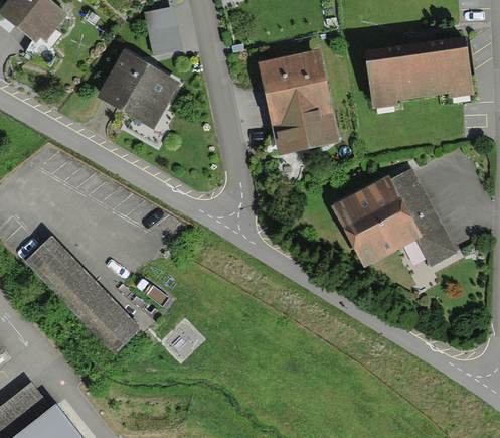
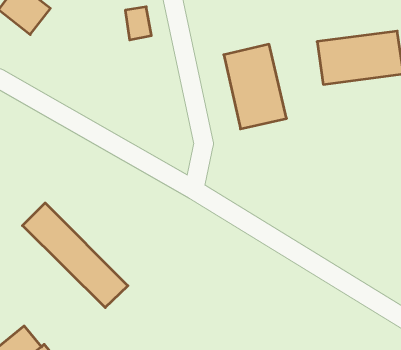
building: [102,55,175,124] -> none
building: [335,169,454,270] -> none

